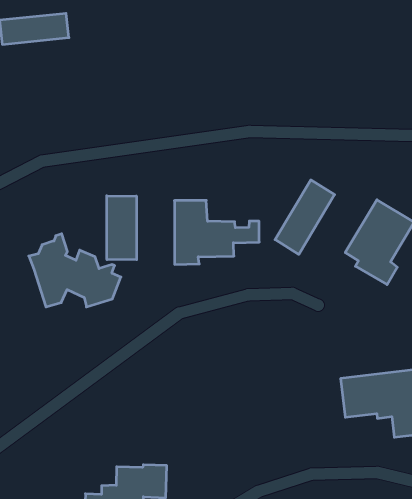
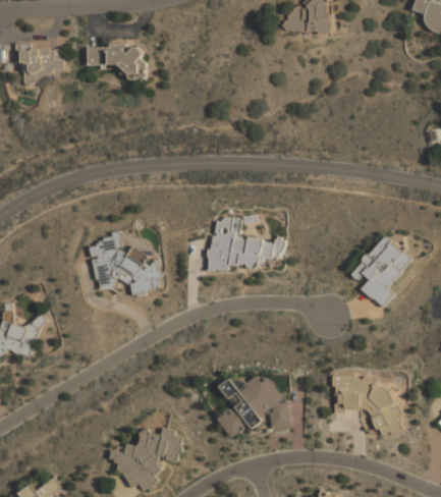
building: [275,180,335,254] -> none
building: [107,196,137,260] -> none
building: none -> [217,376,292,439]

